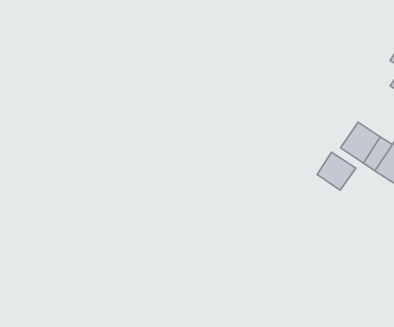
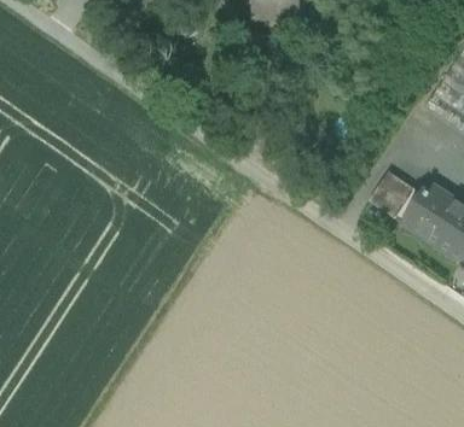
building: [317,152,356,190] -> none

